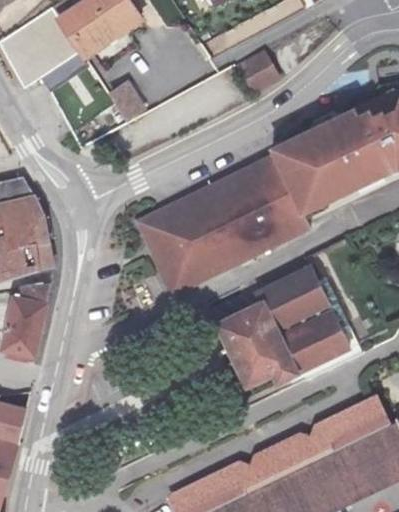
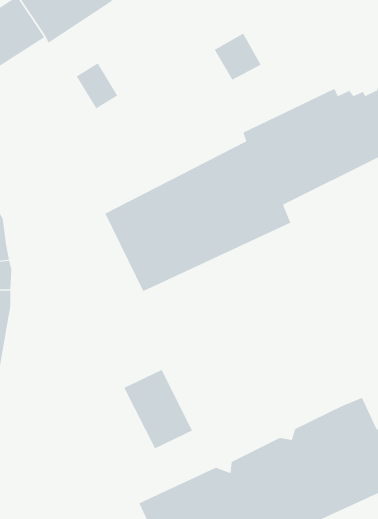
building: [209,261,353,387] -> none
building: none -> [124,369,193,449]

